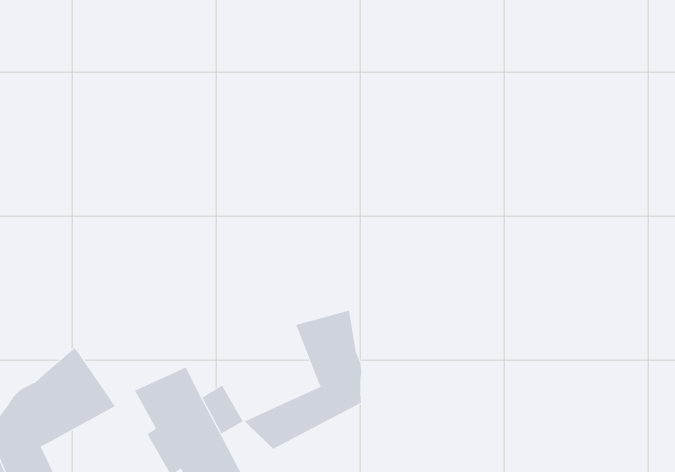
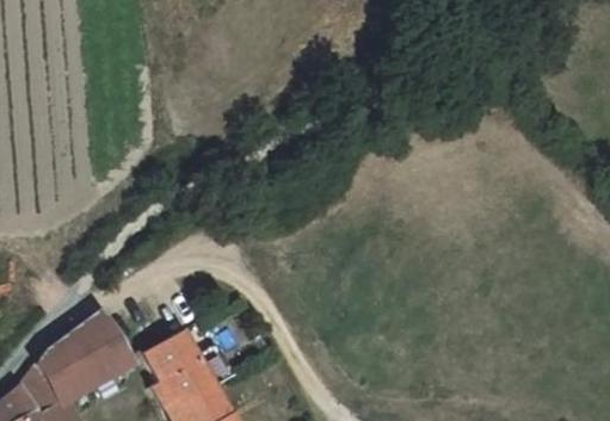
building: [244,310,362,449] -> none

